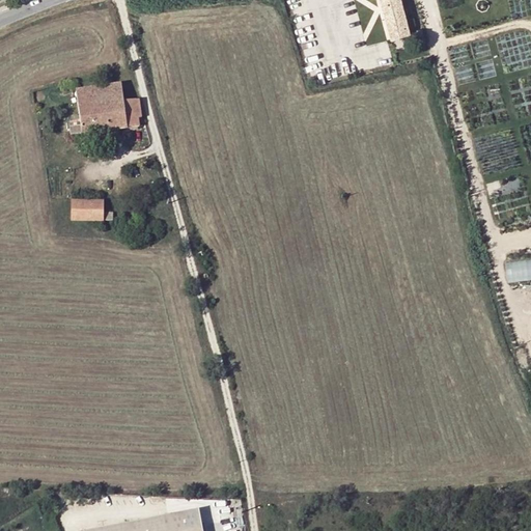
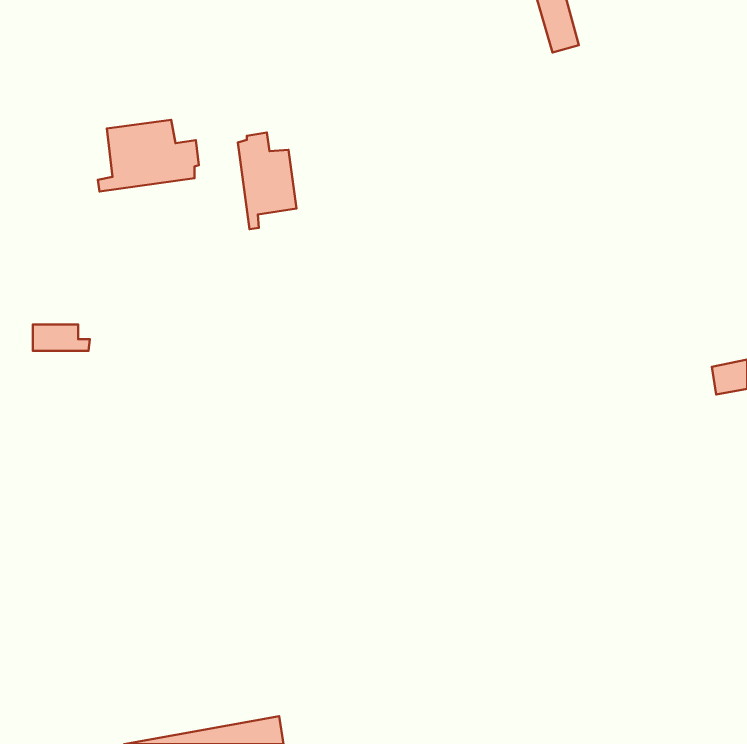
building: none -> [238,133,297,229]
building: [72,201,112,220] -> [33,324,90,351]

